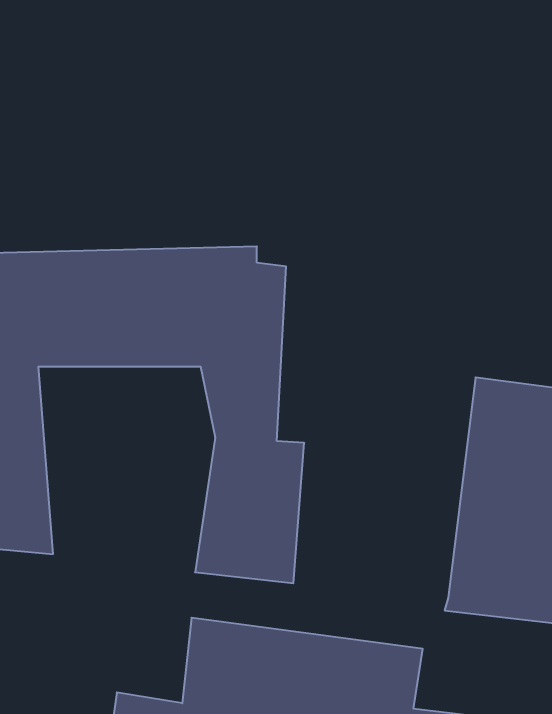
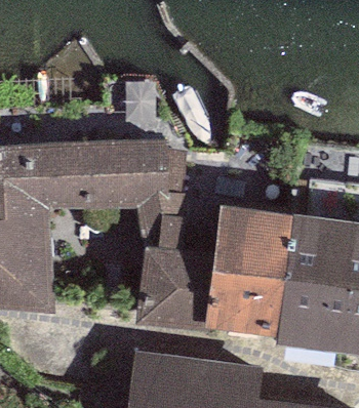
building: none -> [203,205,291,338]

